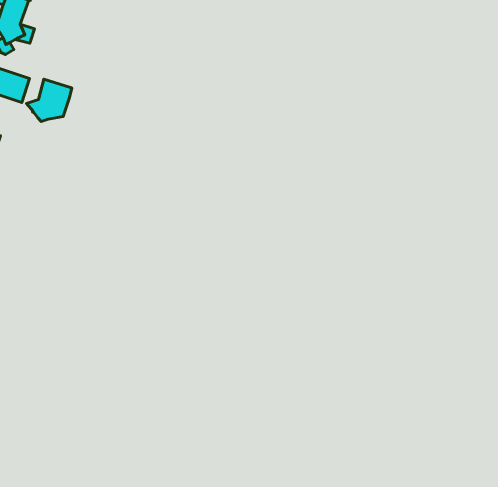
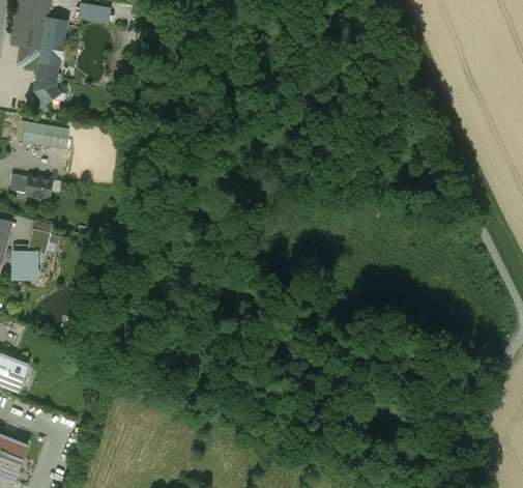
building: [26,79,72,122] -> none

